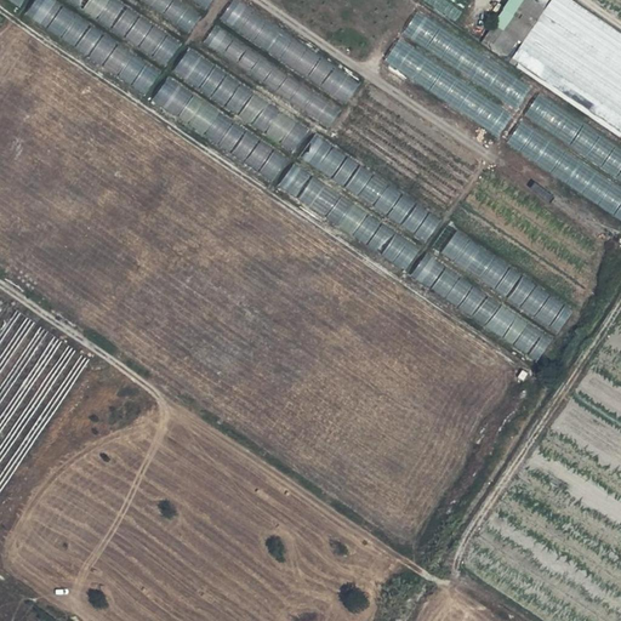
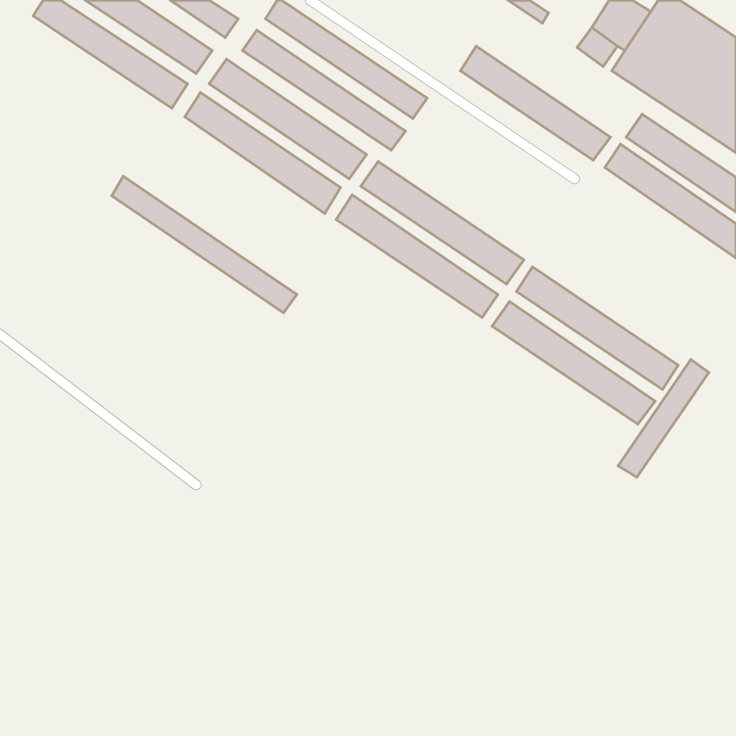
building: [404,13,530,109] -> none
building: none -> [112,176,297,313]
building: none -> [618,359,709,477]

